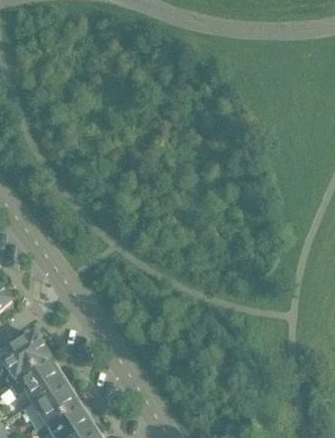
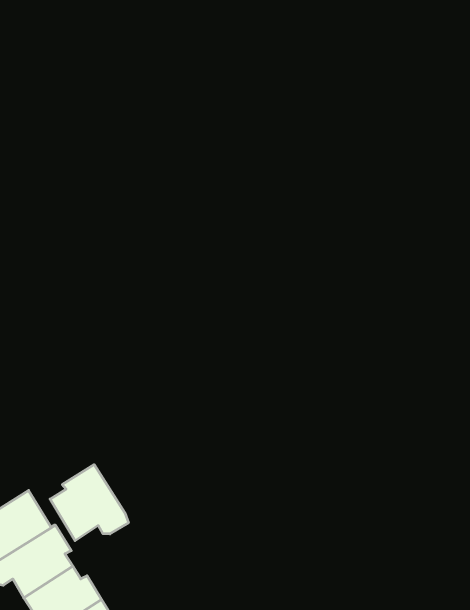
building: none -> [50,465,128,541]

